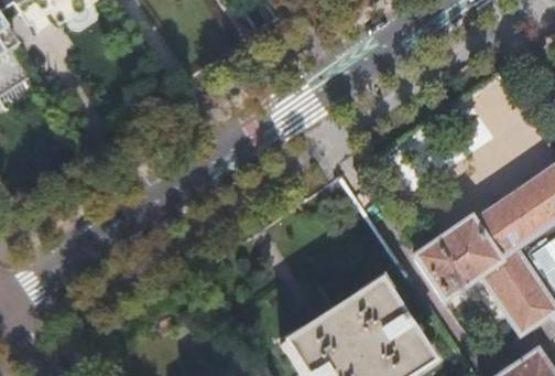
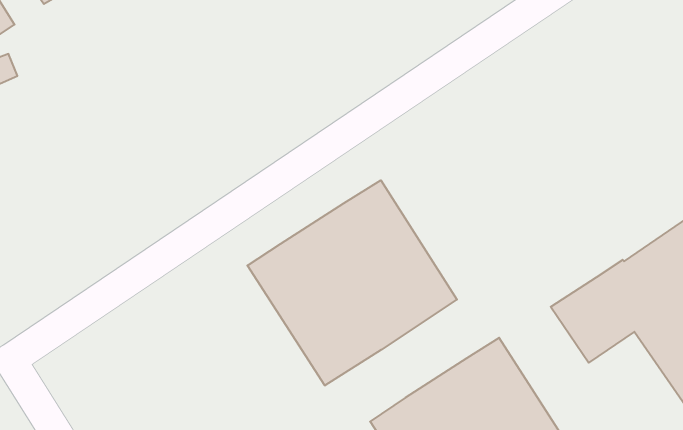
building: none -> [247,180,457,386]

